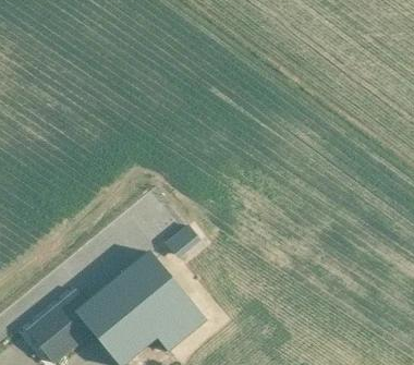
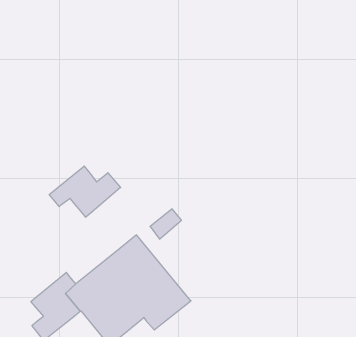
building: none -> [49,166,121,217]

